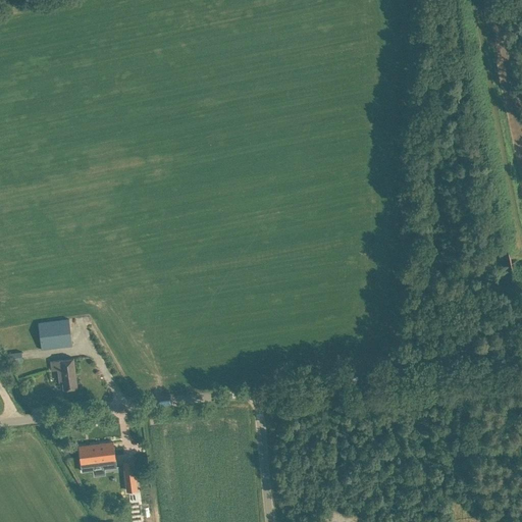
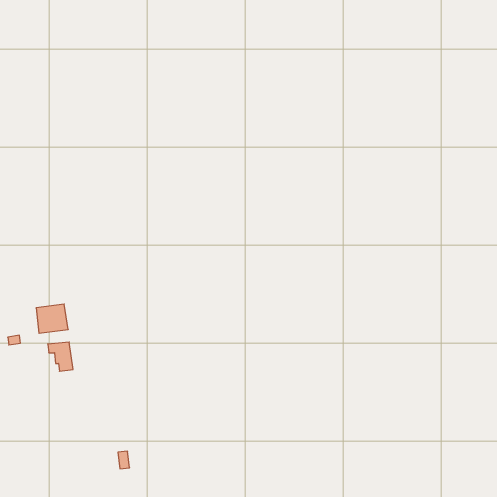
building: [77,441,115,471] -> none

